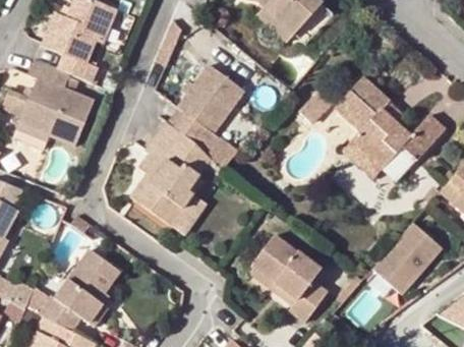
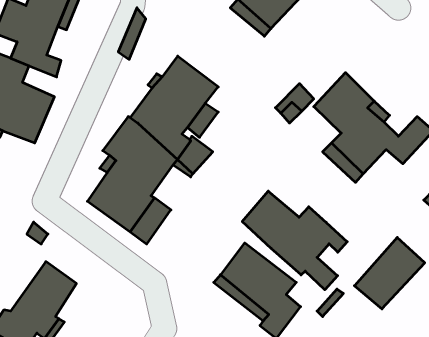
building: none -> [242,191,347,290]

